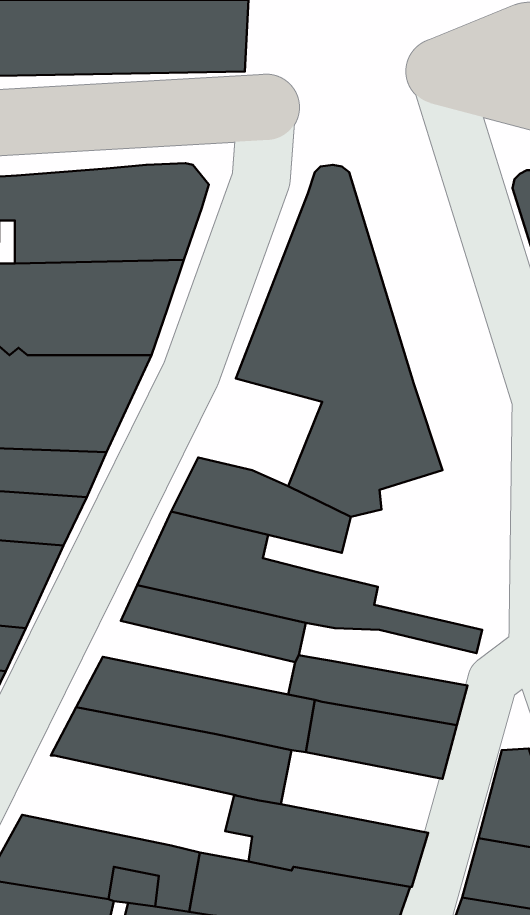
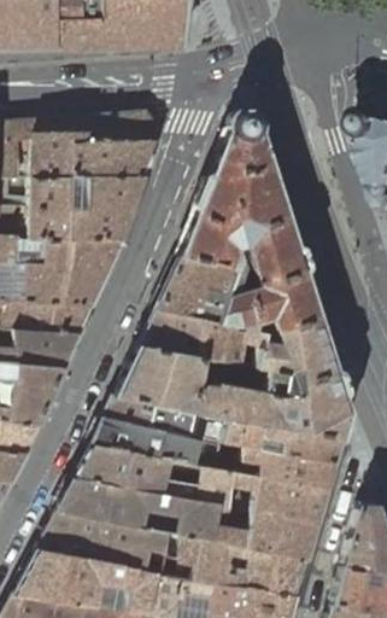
building: none -> [154,255,238,327]
building: none -> [198,316,348,424]
building: none -> [90,418,219,467]
building: none -> [222,419,341,461]
building: none -> [210,505,318,560]
building: none -> [36,508,180,573]

